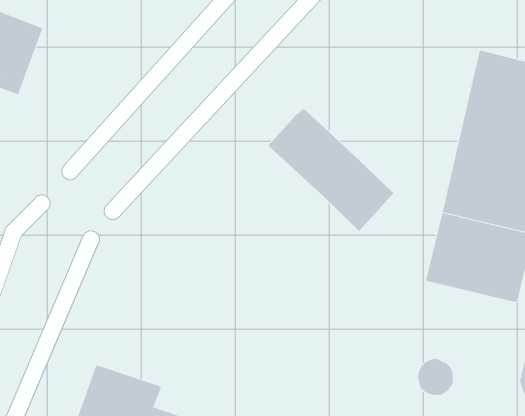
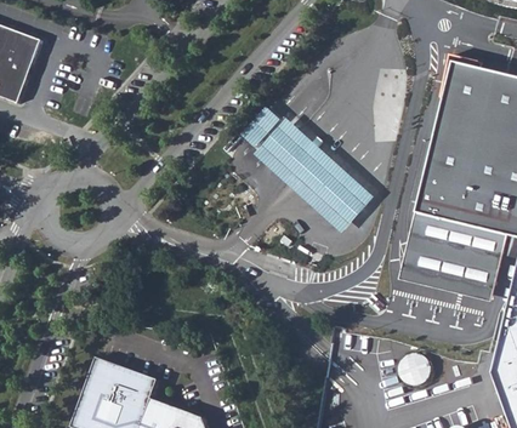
building: none -> [242,110,282,153]

